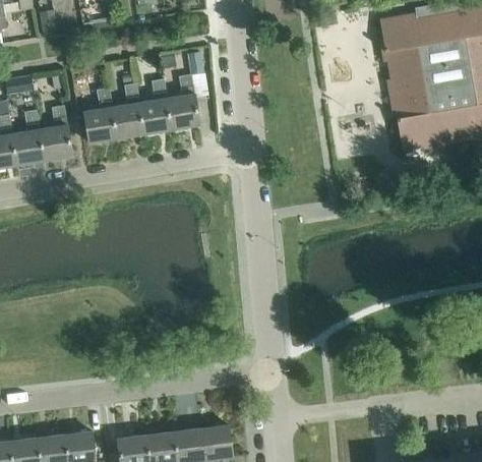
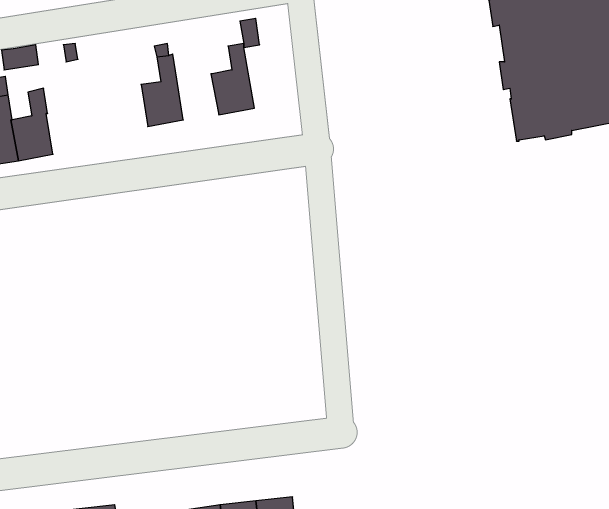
building: [139,78,172,133] -> none
building: [83,88,117,142] -> none
building: [39,105,72,160] -> none

